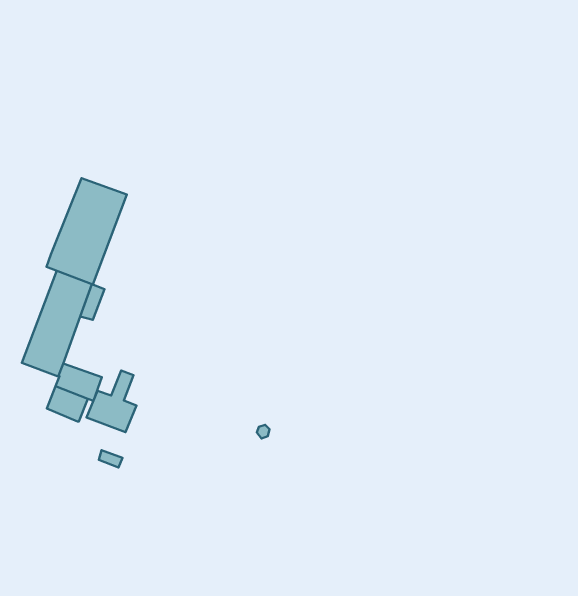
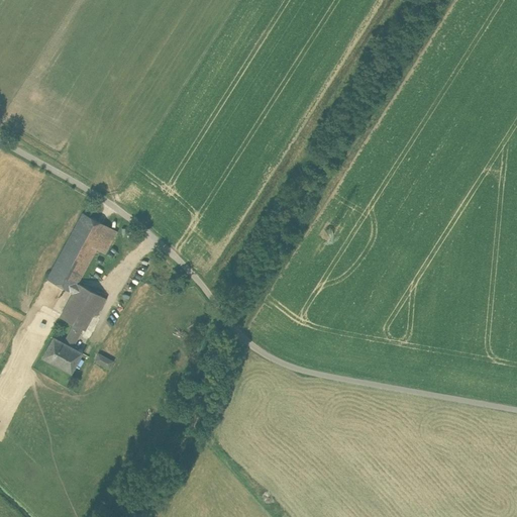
building: [46,178,127,284] -> none
building: [86,370,136,432] -> [41,325,82,373]

